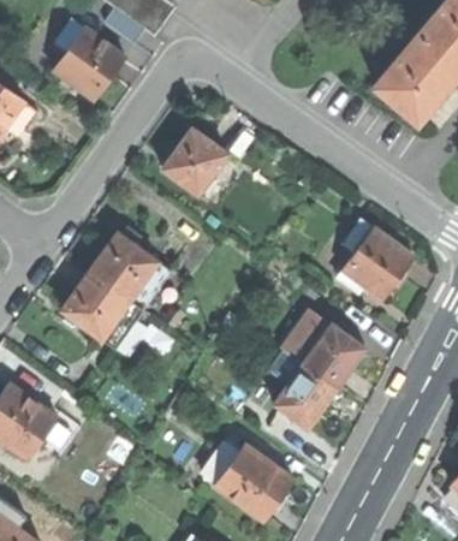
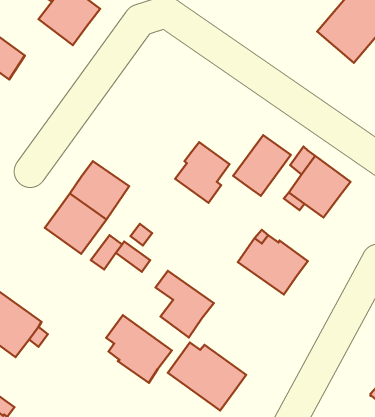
building: [166,129,228,198] -> [175,142,229,203]
building: none -> [233,135,291,196]
building: [270,350,338,427] -> [155,271,214,338]
building: none -> [106,315,172,383]

